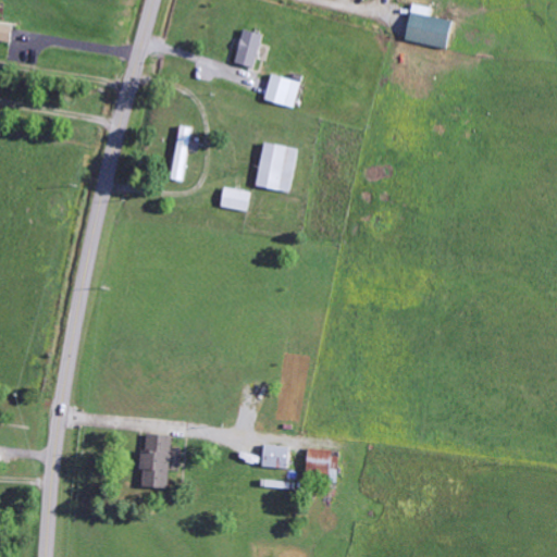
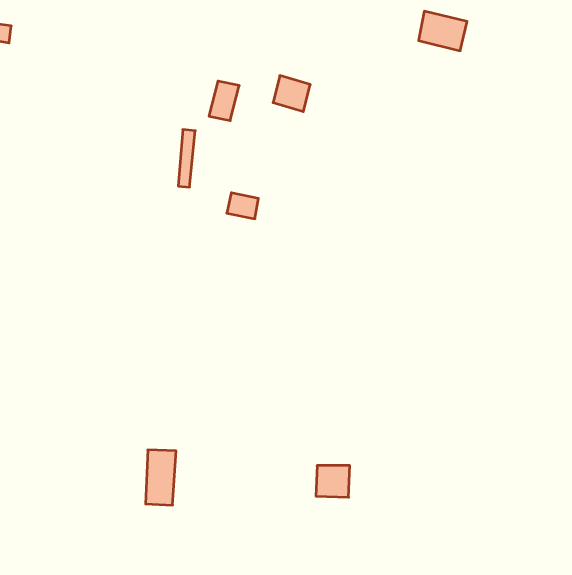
building: [233,28,262,66] -> [209,81,239,121]
building: [256,143,297,191] -> none
building: [261,445,287,468] -> none

